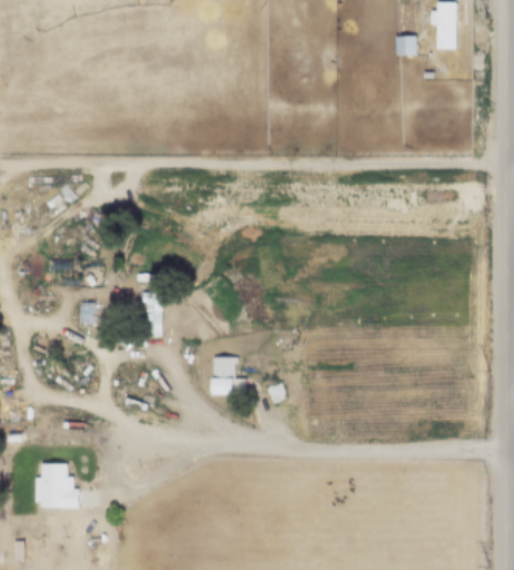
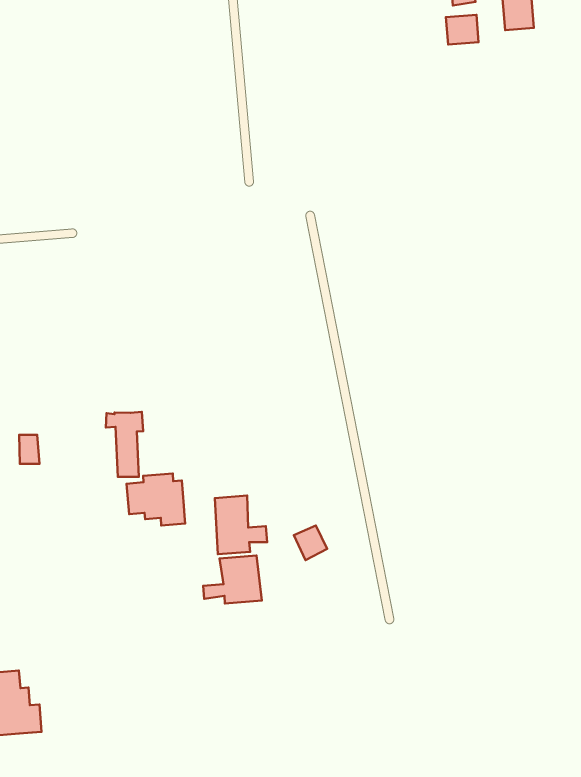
building: none -> [127,474,185,526]
building: none -> [203,556,262,603]

